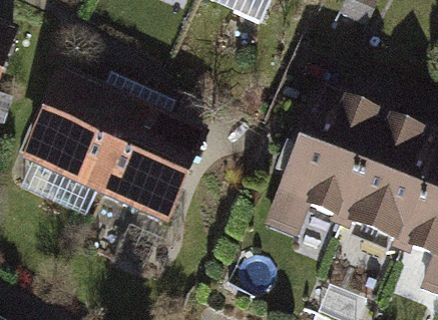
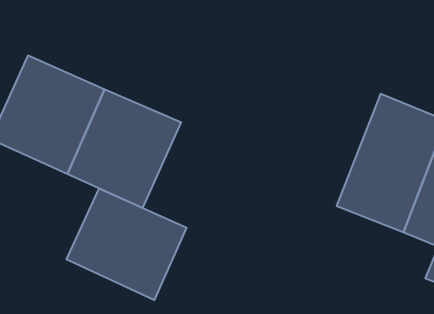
building: [281,91,381,217] -> none
building: none -> [67,188,187,300]

